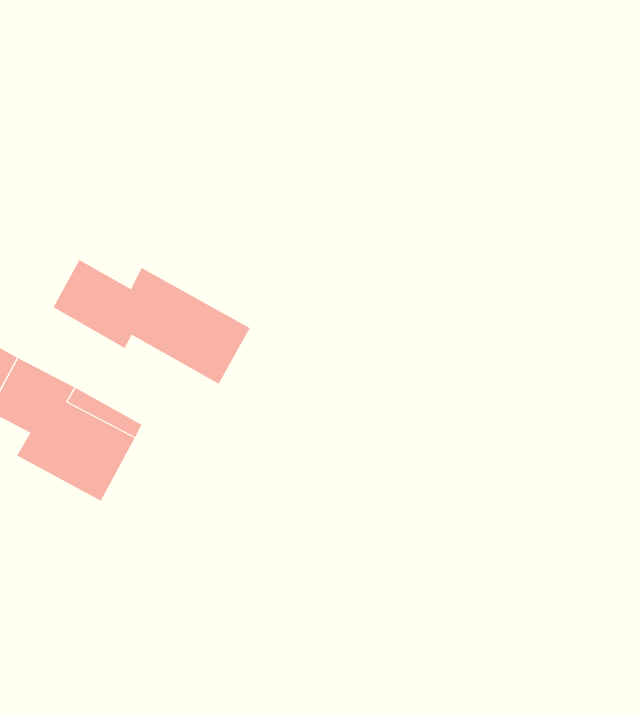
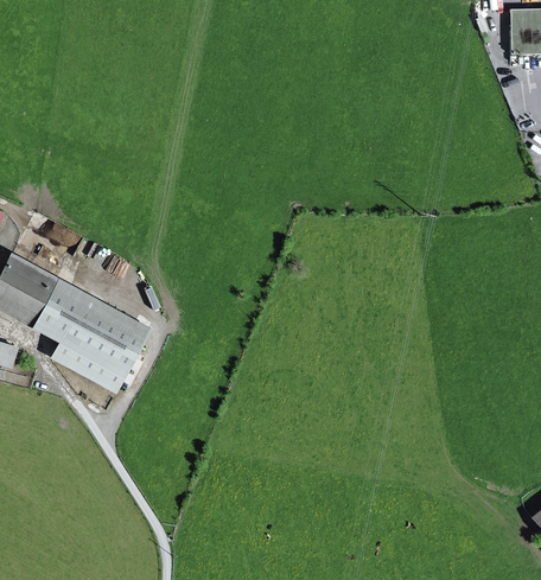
building: [53,259,250,385] -> none

